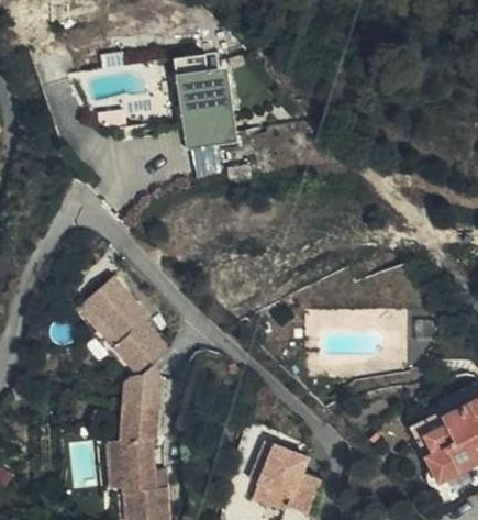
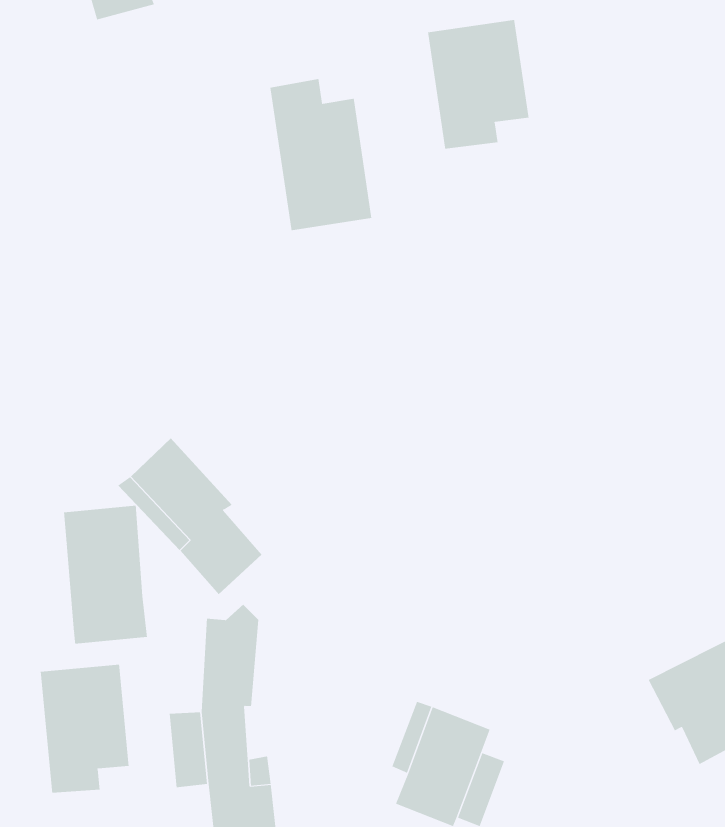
building: none -> [427,19,529,150]
building: none -> [64,505,147,644]
building: none -> [40,664,129,793]

